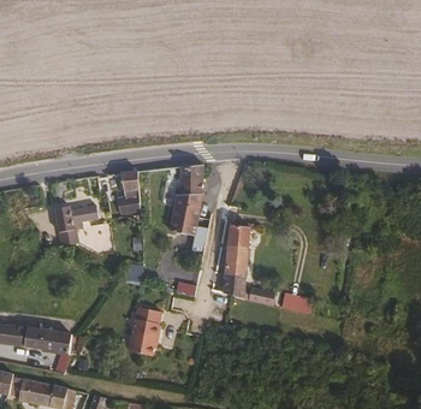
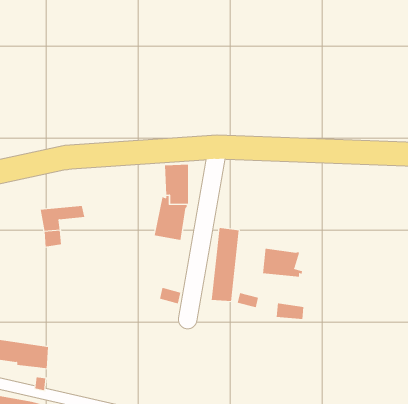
building: [115,170,140,209] -> none
building: none -> [262,248,303,278]
building: [130,307,164,355] -> none

